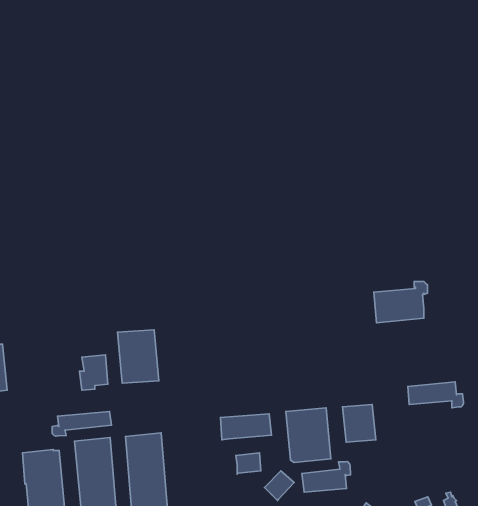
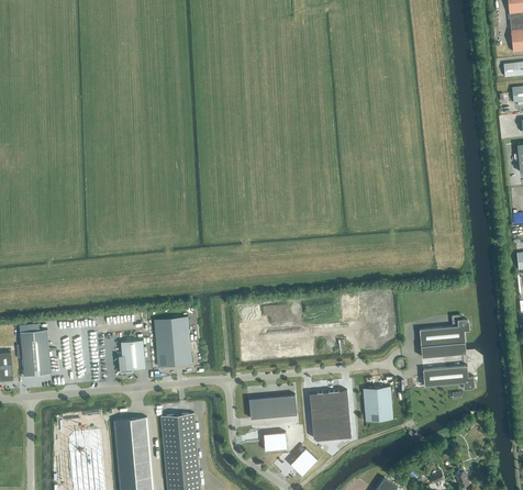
building: [374,281,427,323] -> [419,320,468,358]
building: [52,412,112,436] -> none
building: [302,461,351,492] -> none

